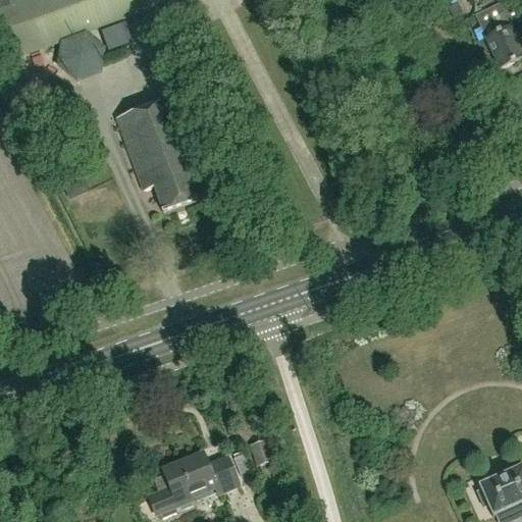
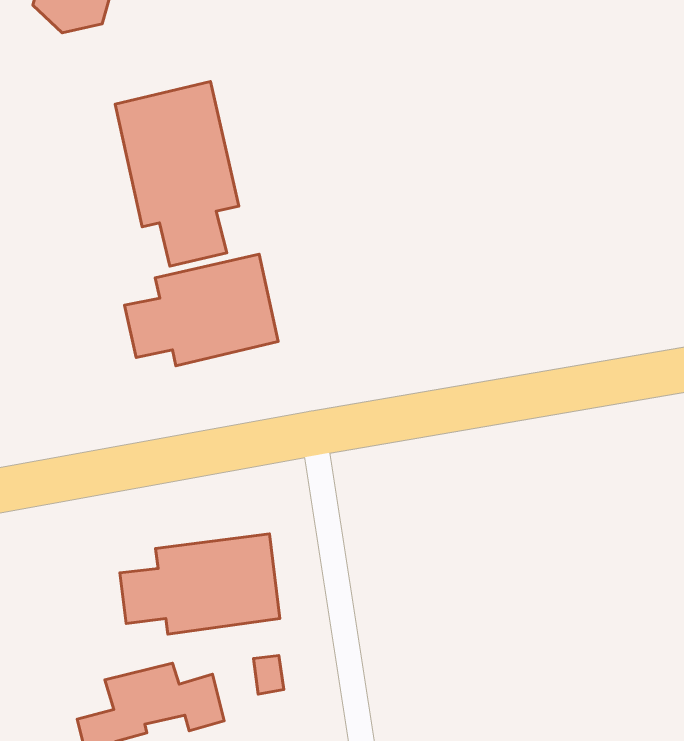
building: none -> [125,254,278,366]
building: none -> [120,534,280,634]

